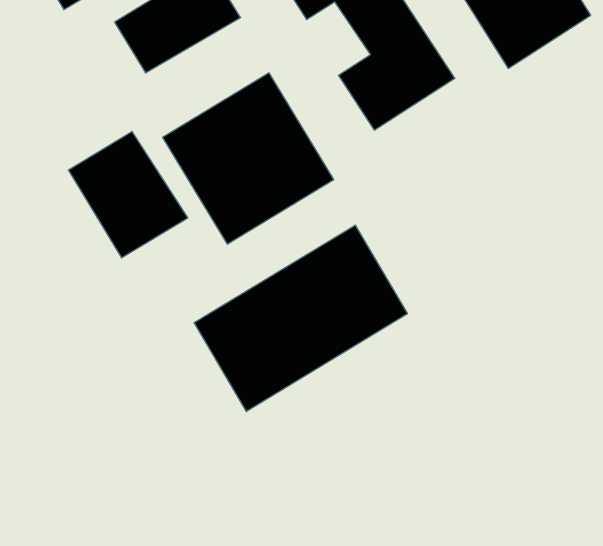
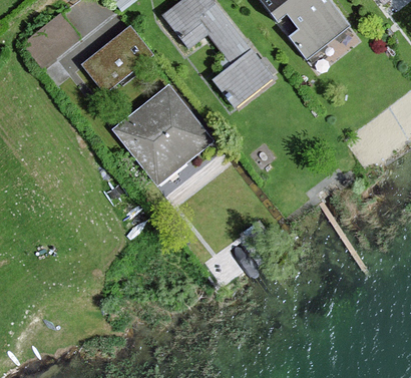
building: [68,131,188,258] -> none
building: [194,225,407,412] -> none

